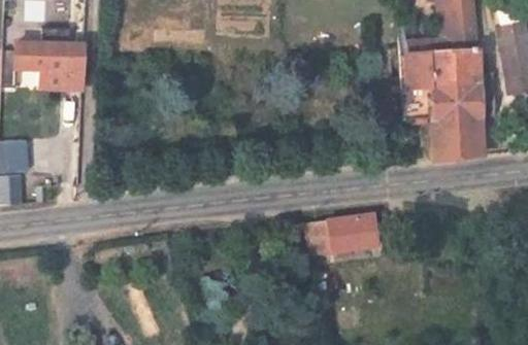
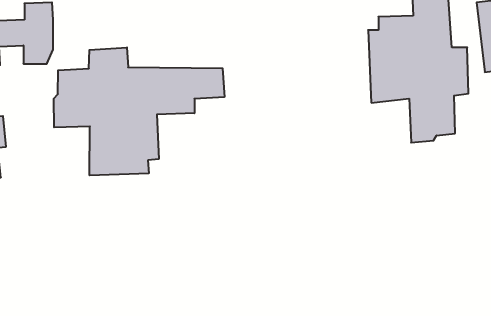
building: none -> [54,47,224,175]
building: [298,214,376,255] -> none

